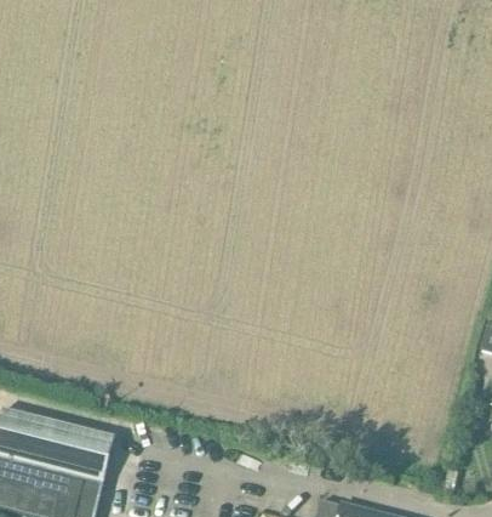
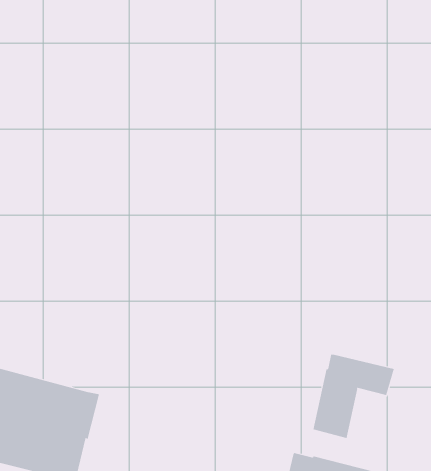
building: none -> [313,354,394,439]

